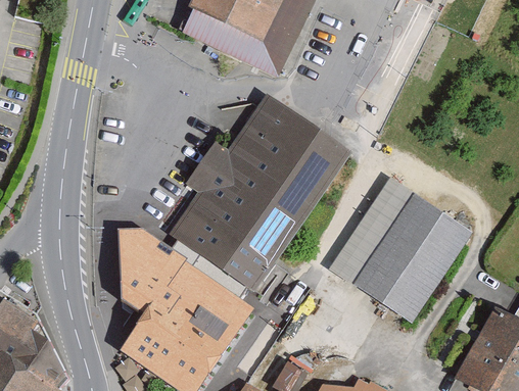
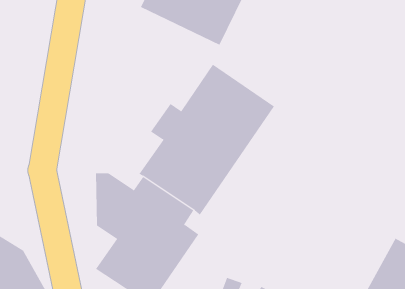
building: [326,184,469,328] -> none

